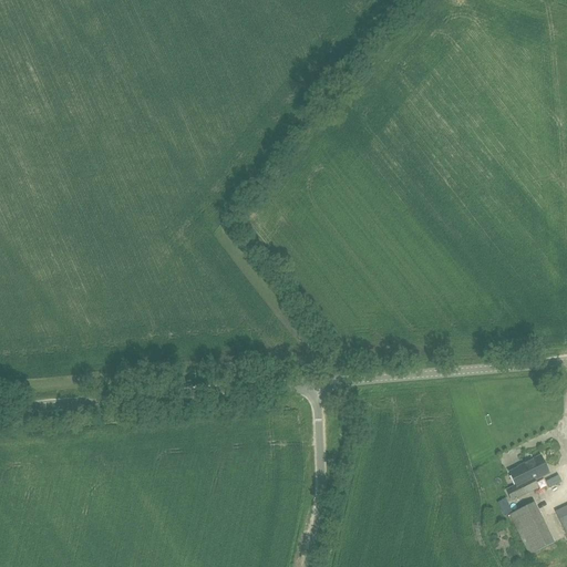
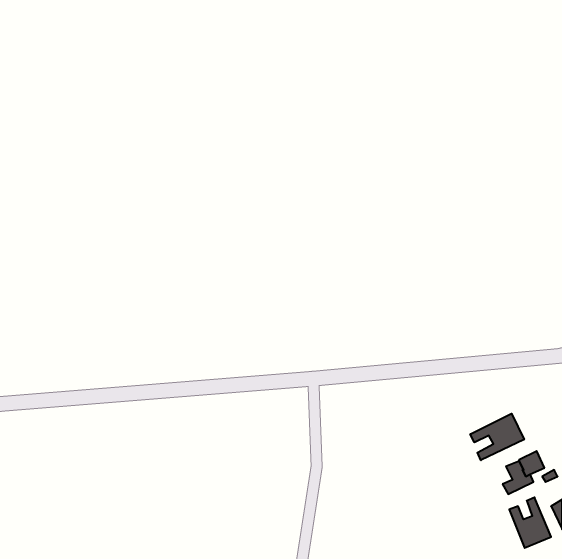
building: none -> [470,414,524,460]

